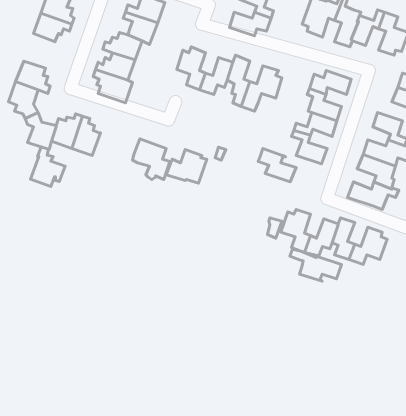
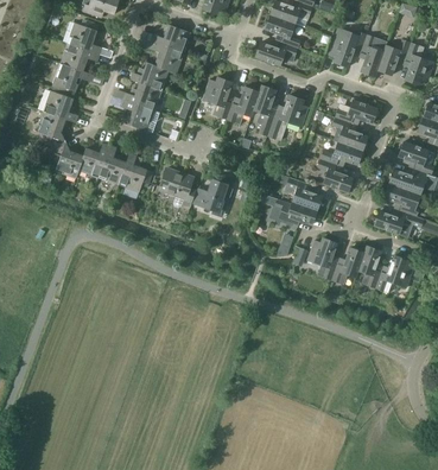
building: none -> [53,63,91,90]
building: [30,147,65,186] -> [119,152,153,191]
building: [290,249,341,281] -> [265,195,316,227]

